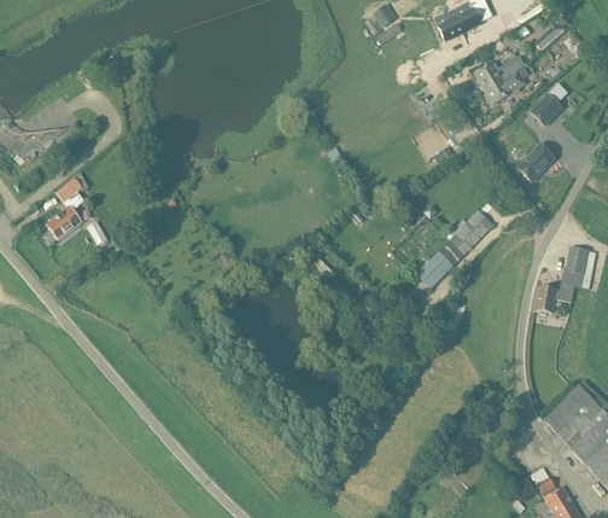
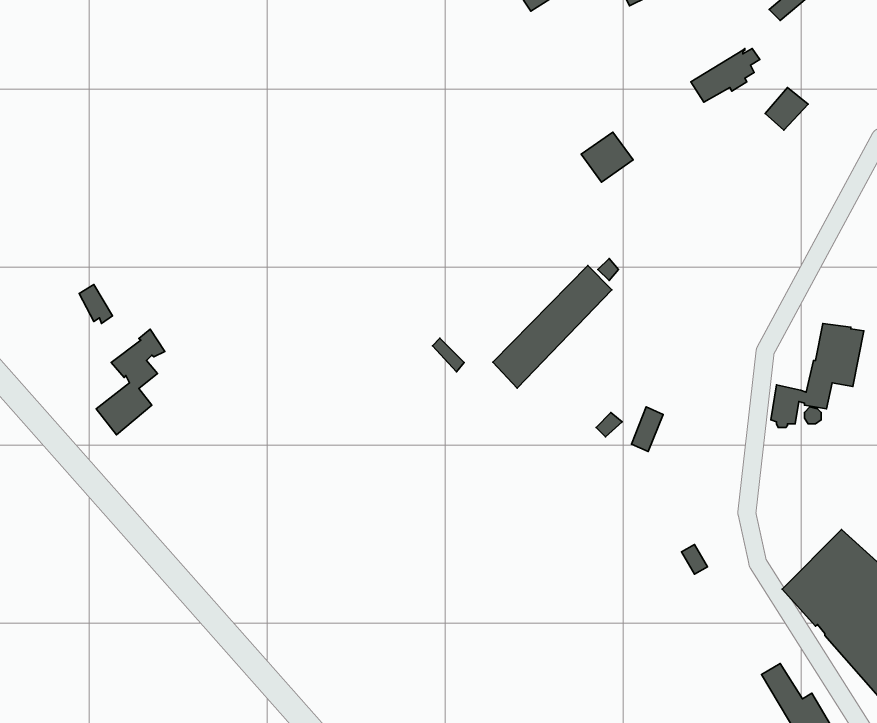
building: [468,56,524,89] -> none
building: [518,144,554,181] -> none
building: [45,171,89,240] -> [96,329,165,435]
building: [415,209,492,289] -> [493,266,612,388]

